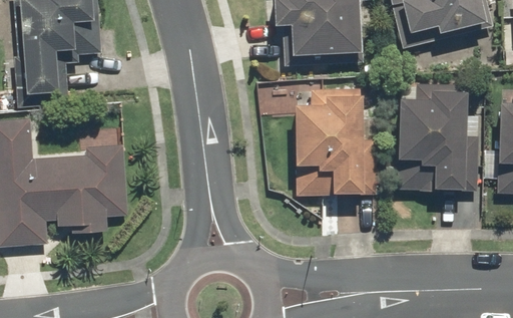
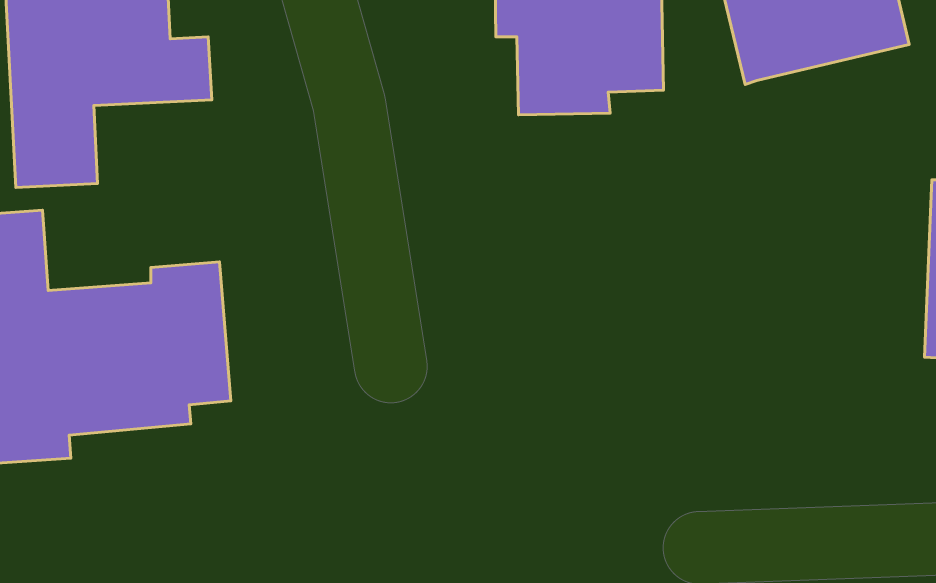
building: [397,83,481,193] -> none
building: [293,88,363,196] -> none

